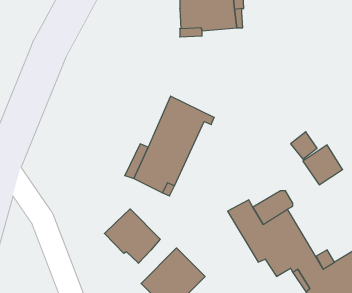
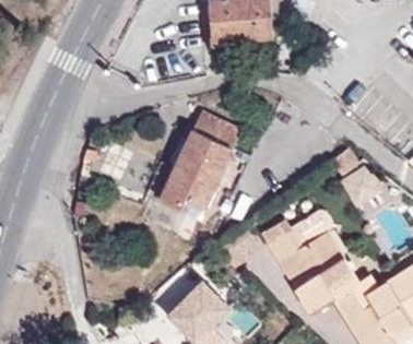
building: [104,209,160,263] -> none

